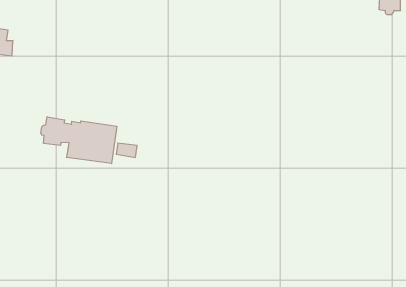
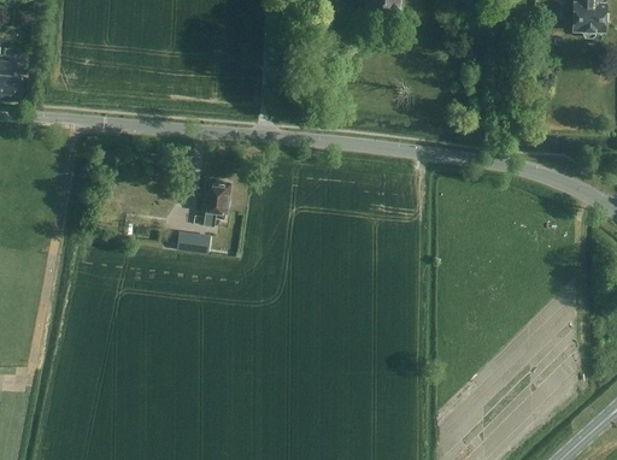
building: none -> [202,179,229,225]
building: [41,117,117,164] -> none

